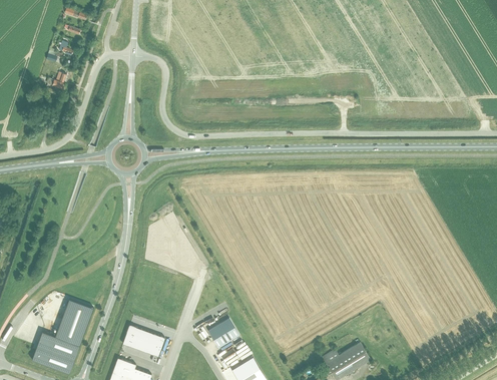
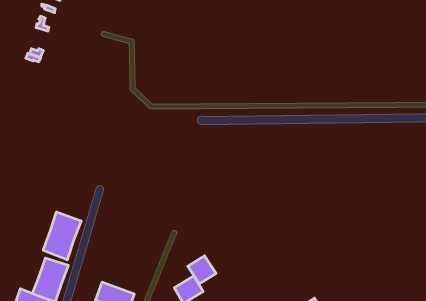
building: none -> [43,212,81,260]
building: none -> [188,256,216,284]

